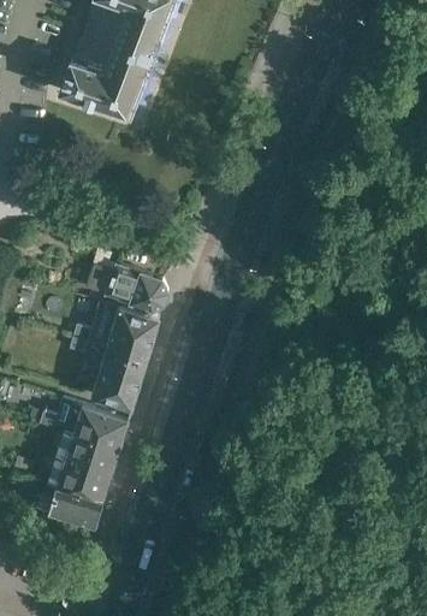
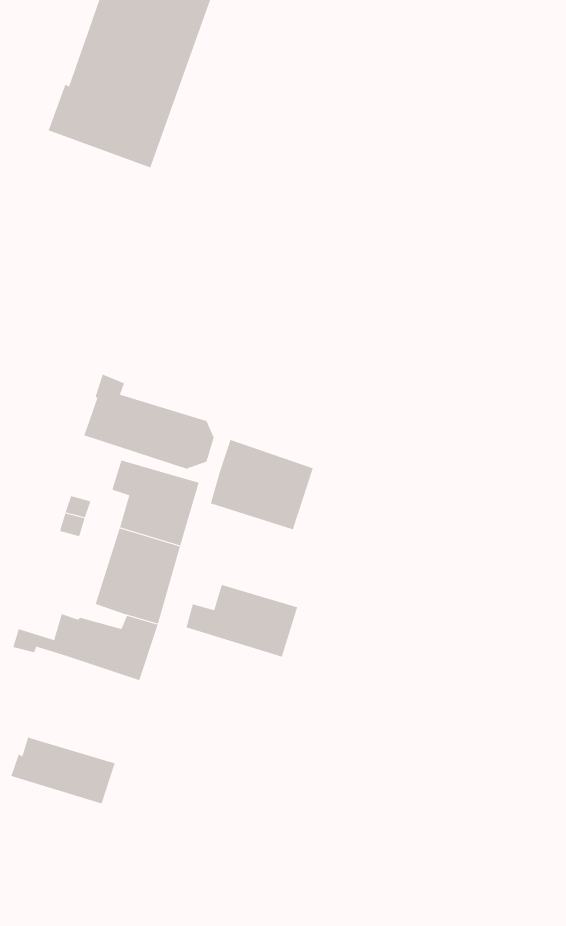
building: none -> [210,439,313,530]
building: none -> [186,584,298,657]
building: [58,430,121,498] -> none

